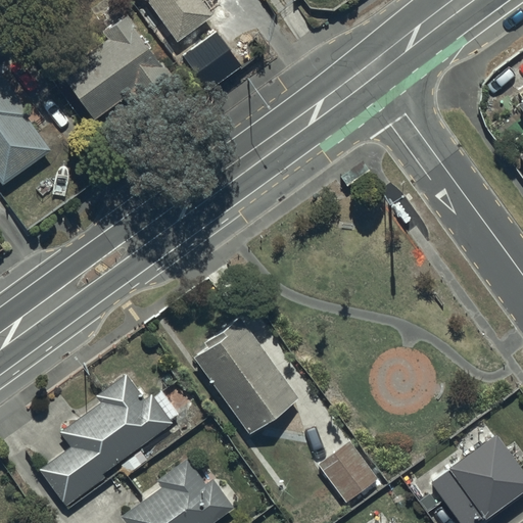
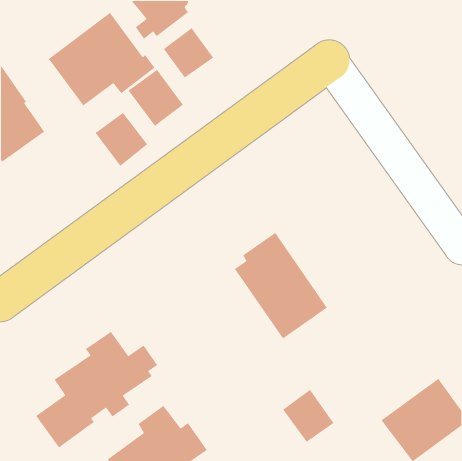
building: none -> [127,69,184,127]
building: none -> [94,112,148,167]
building: [194,315,300,436] -> [234,232,328,339]

